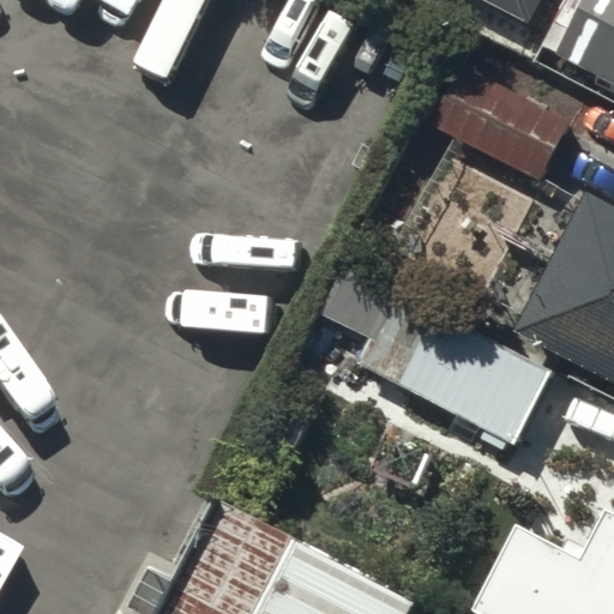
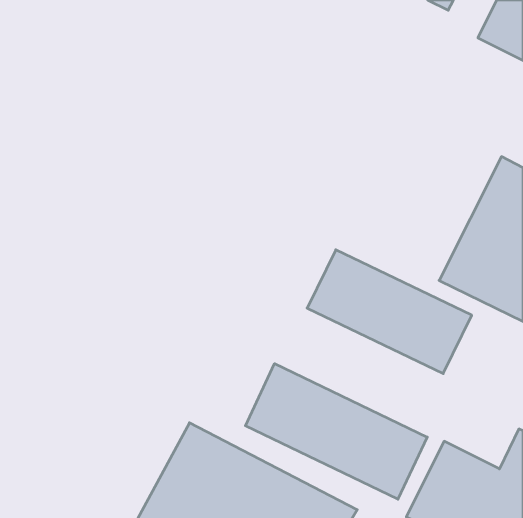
building: [434,67,571,180] -> none
building: none -> [245,364,427,499]

